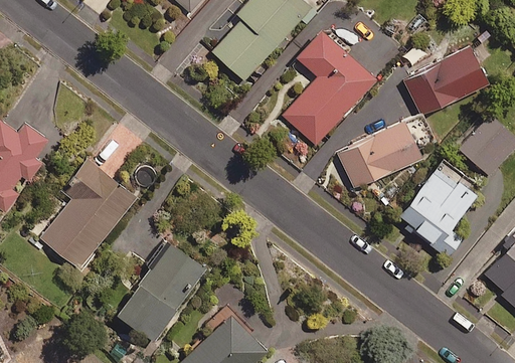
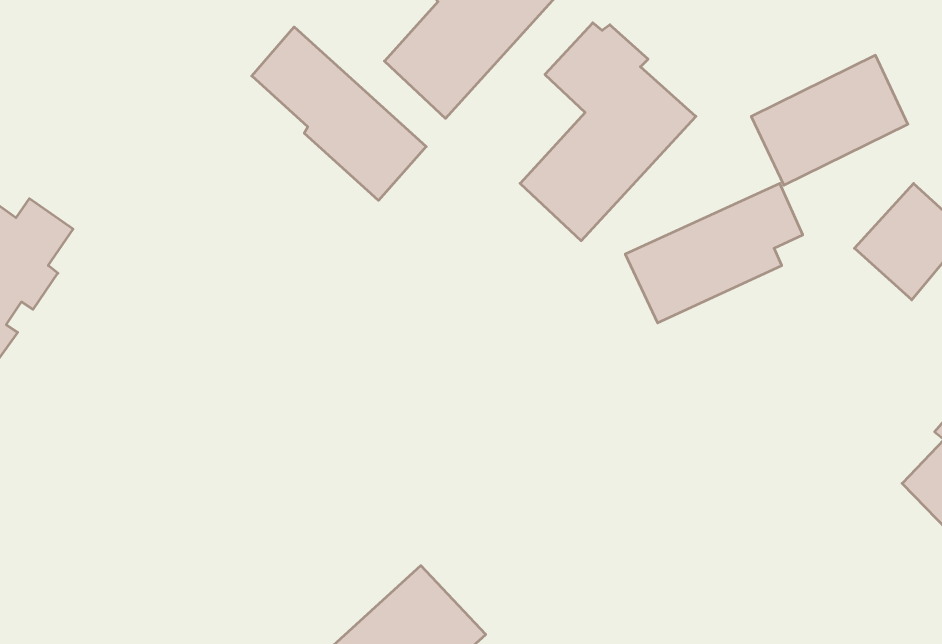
building: none -> [252,27,426,200]
building: [39,160,135,270] -> none
building: [397,167,475,257] -> none
building: [117,244,204,343] -> none

